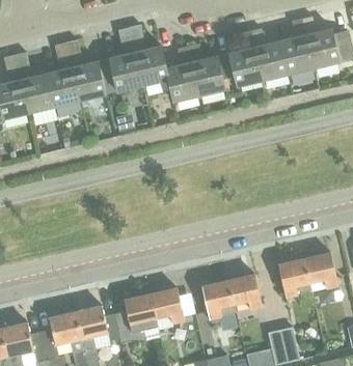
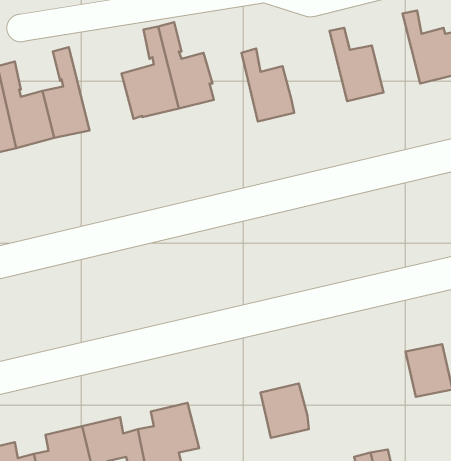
building: [280,18,315,74] -> none
building: [217,30,263,86] -> none
building: [65,39,111,101] -> none
building: [165,46,199,101] -> none
building: [277,257,311,295] -> none
building: [228,274,262,308] -> none
building: [150,287,184,323] -> none

